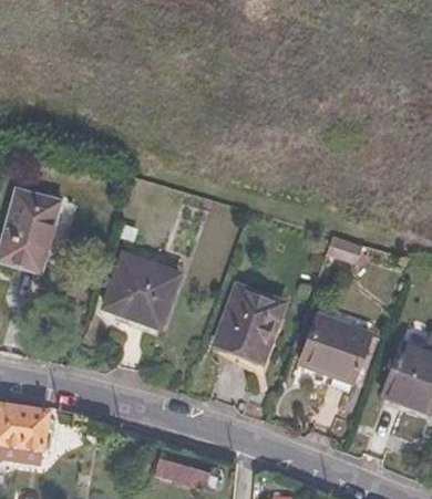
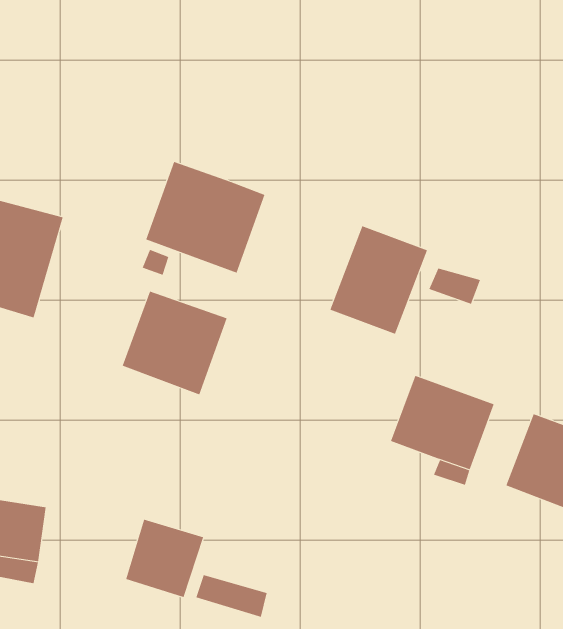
building: none -> [145,161,265,273]
building: [215,284,286,363] -> [330,225,428,334]
building: none -> [126,519,204,598]

